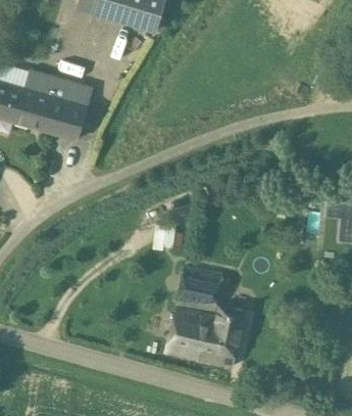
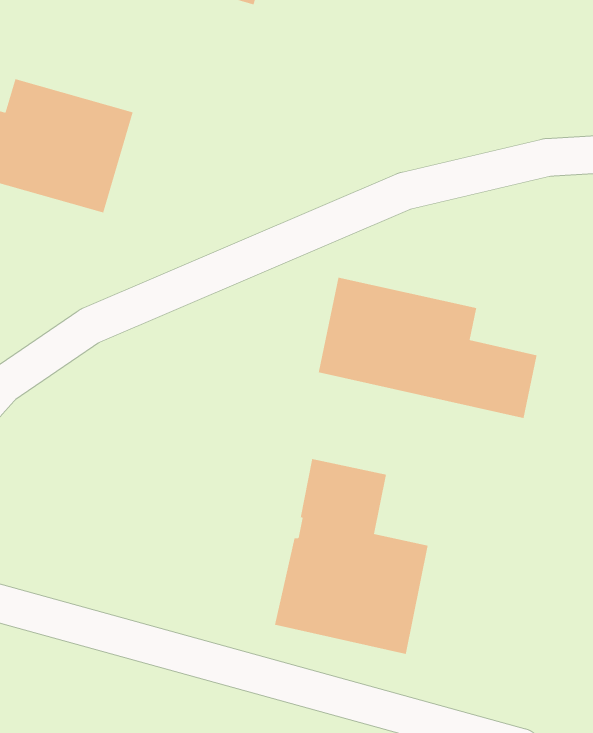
building: none -> [318,277,537,419]

